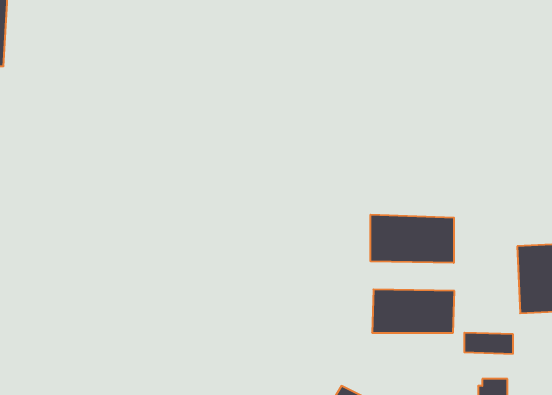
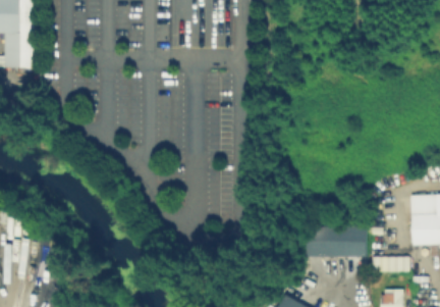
building: [371,215,454,263] -> none

